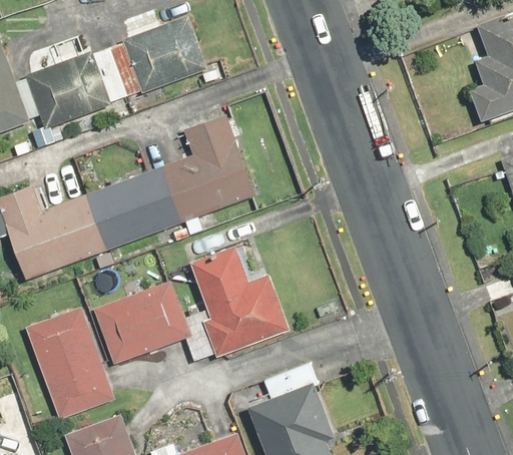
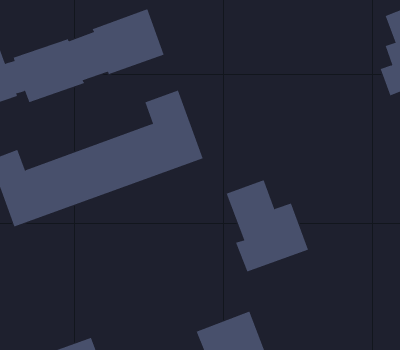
building: [189,245,290,357] -> [226,180,309,272]
building: [92,280,191,364] -> none
building: [24,306,114,420] -> none

